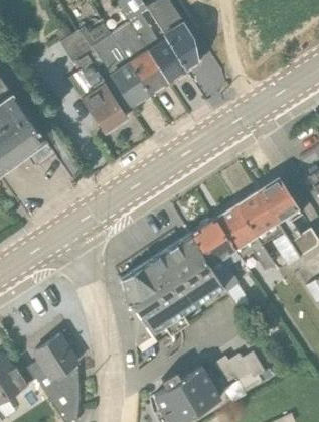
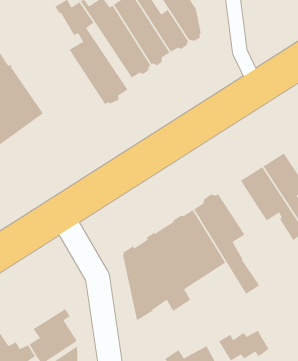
building: [214,205,274,270] -> none

